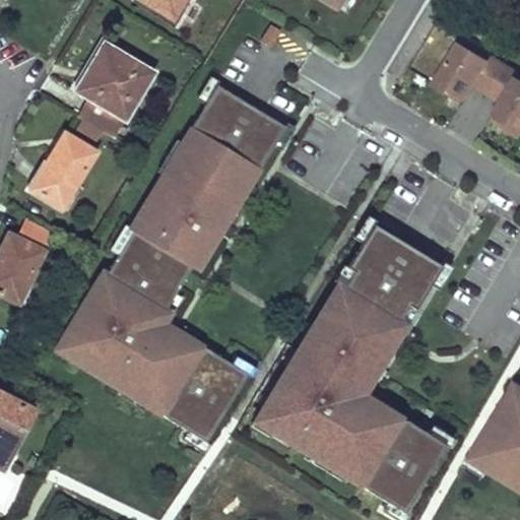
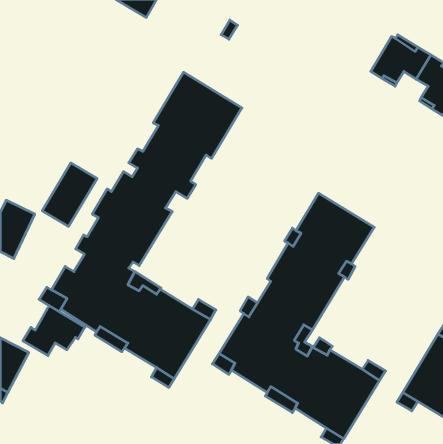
building: [76,42,153,138] -> none
building: [31,133,95,207] -> [42,163,97,226]
building: none -> [23,306,85,356]

